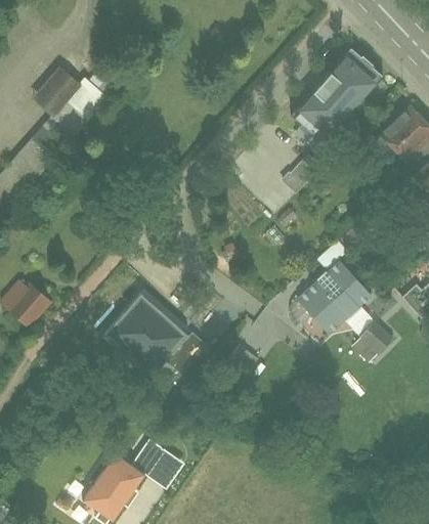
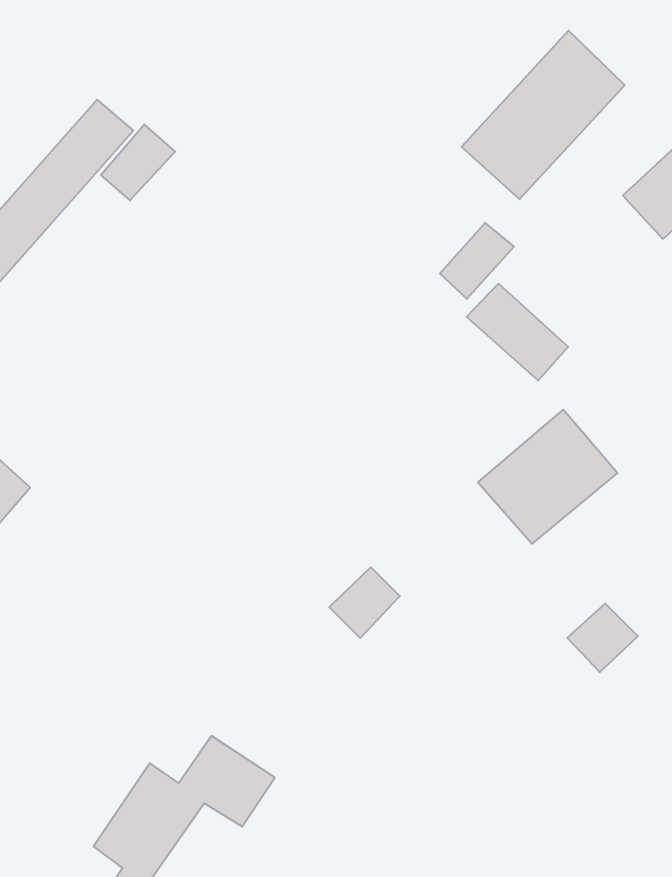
building: [37,66,79,108] -> [101,124,175,201]
building: none -> [466,284,568,381]
building: [97,289,183,374] -> none
building: [348,321,388,360] -> [567,603,638,672]

